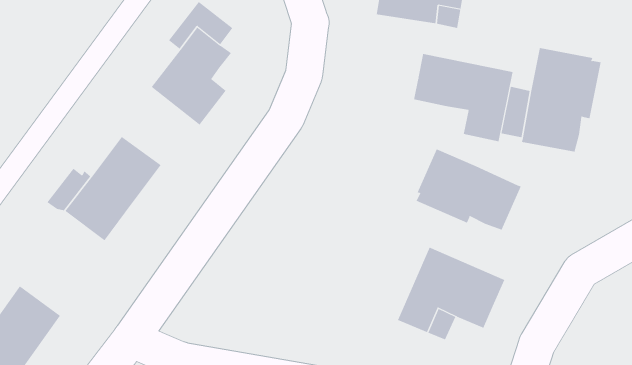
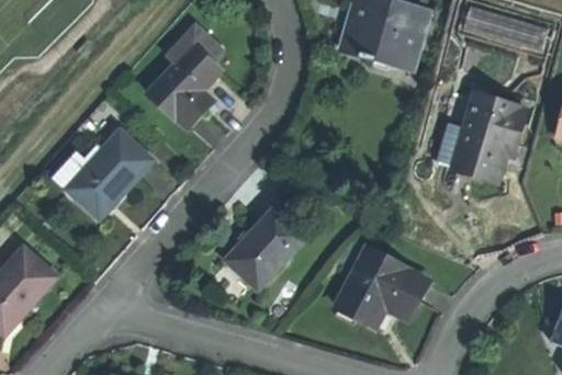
building: [414,53,513,142] -> none
building: [416,149,522,231] -> none
building: none -> [226,207,304,287]

